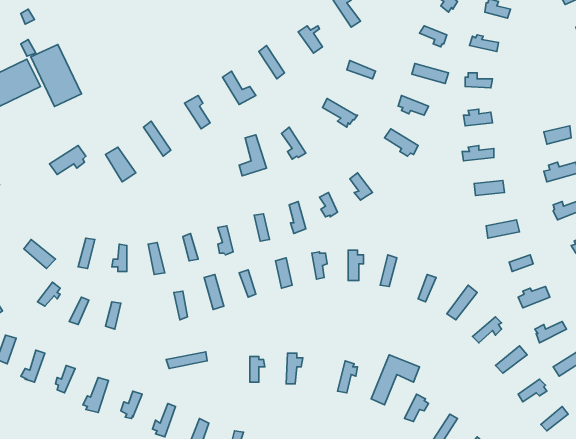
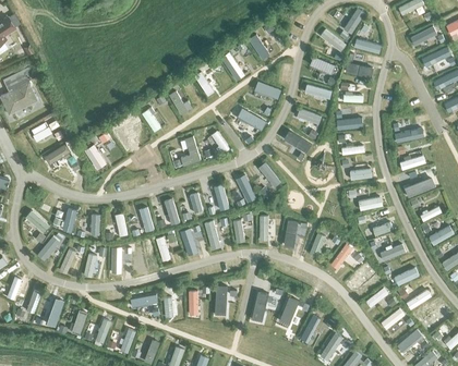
building: [31,44,82,106] -> none

